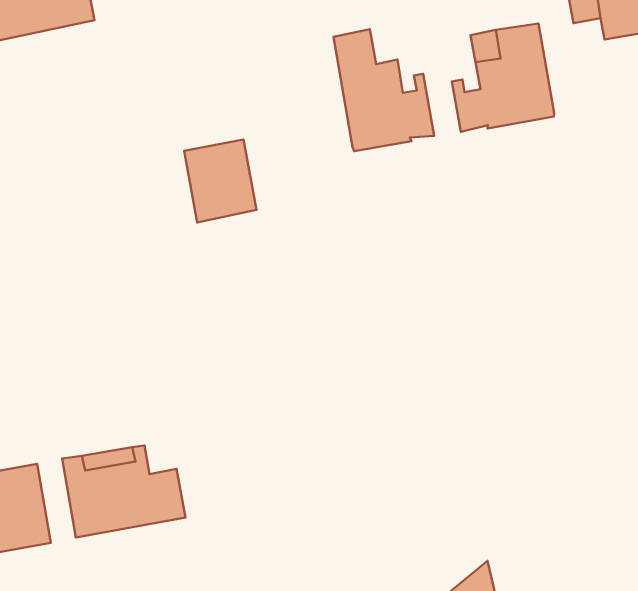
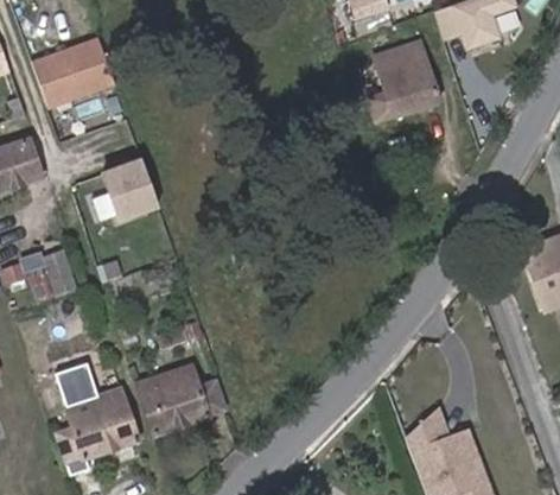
building: [333,29,434,151] -> none
building: [184,140,257,223] -> [106,158,160,218]

